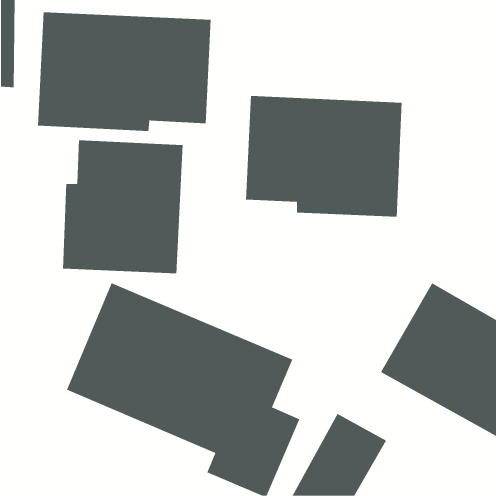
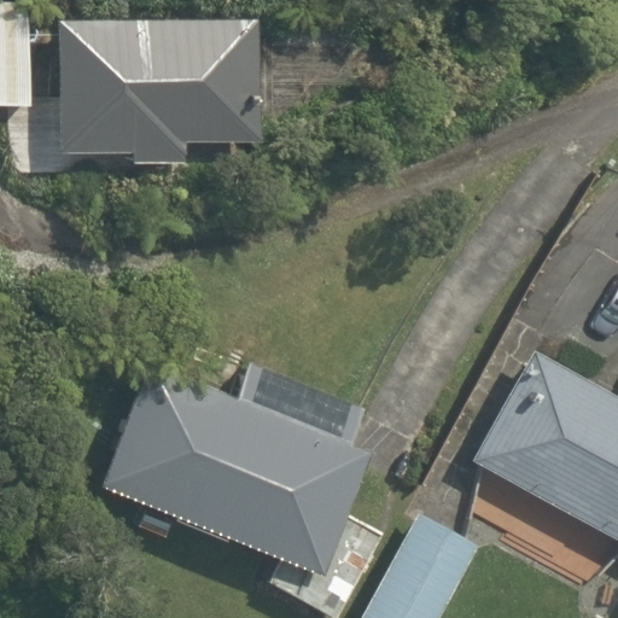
building: [246,95,402,217] -> none
building: [63,140,183,274] -> none

